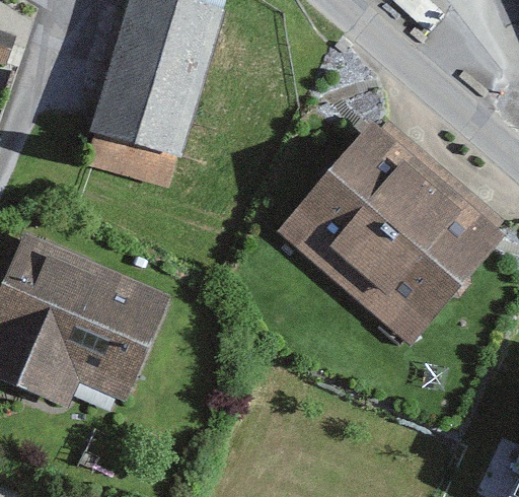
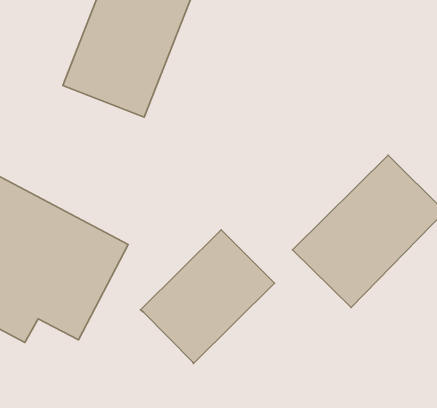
building: [278,121,440,288] -> none
building: none -> [141,230,274,364]

